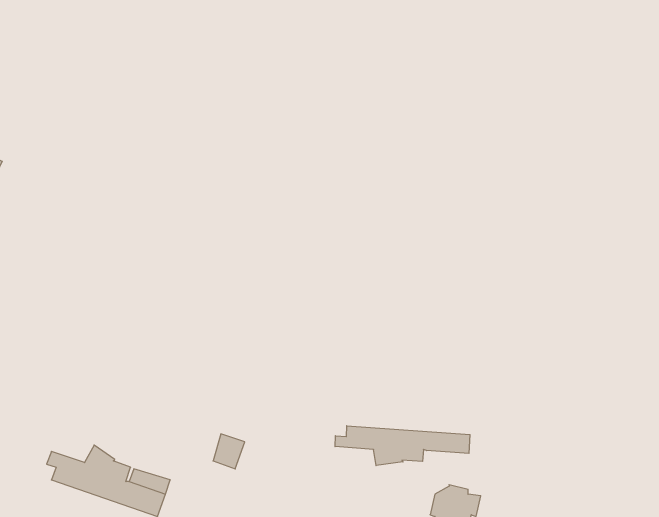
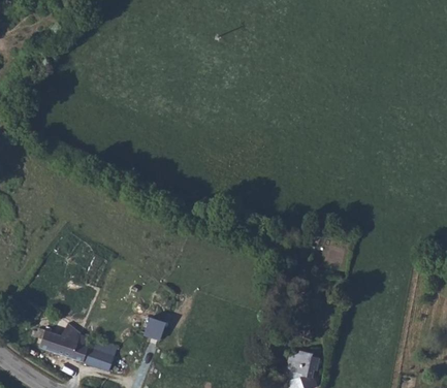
building: [335,426,470,466] -> none

